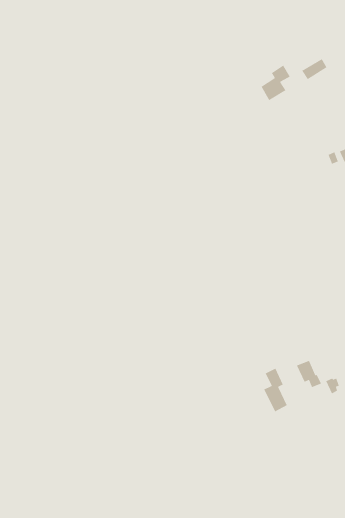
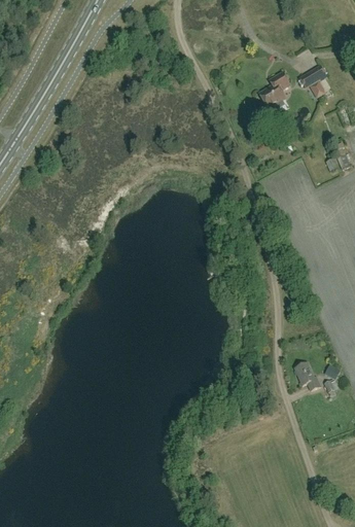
building: [263,368,288,412] -> none

